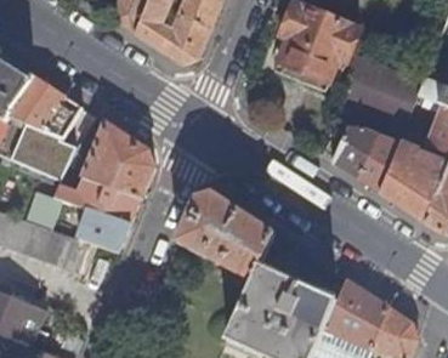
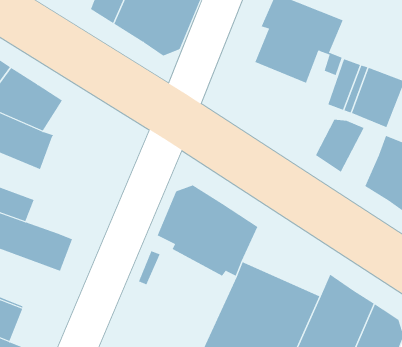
building: [56,121,155,252] -> none
building: [357,135,401,192] -> none

